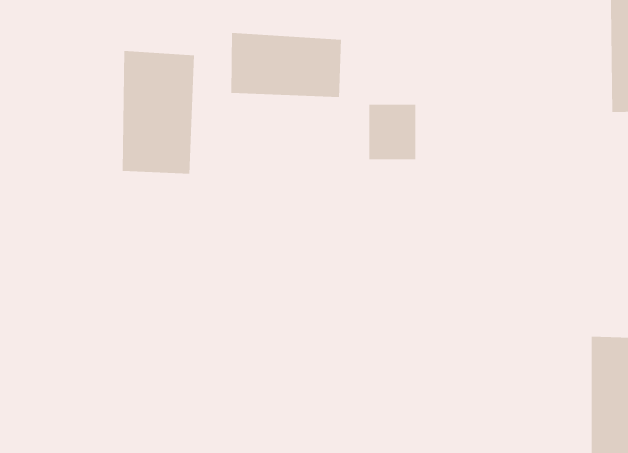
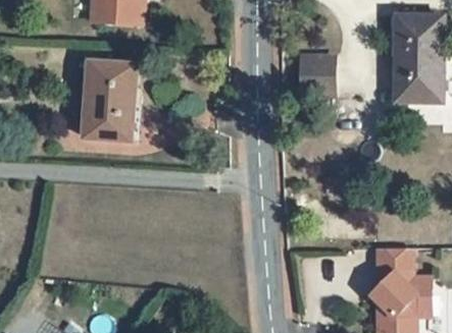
building: [231,32,341,98] -> none
building: [368,104,416,160] -> [304,58,335,94]

